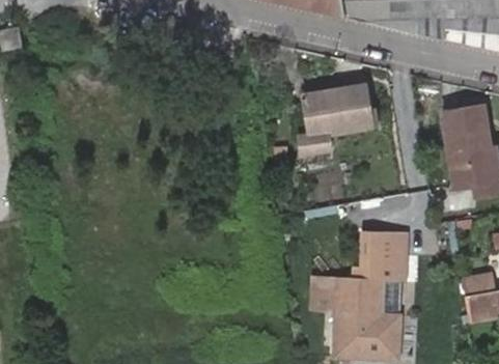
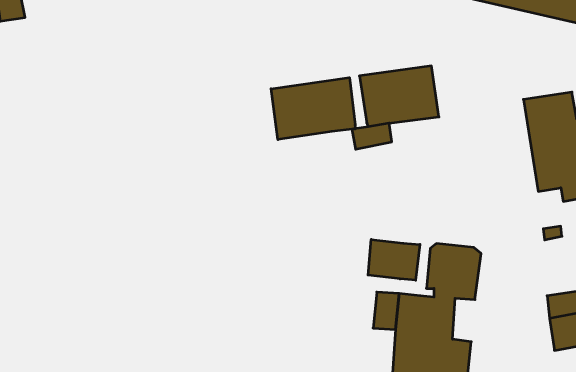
building: none -> [271,78,355,140]
building: none -> [368,239,420,280]

